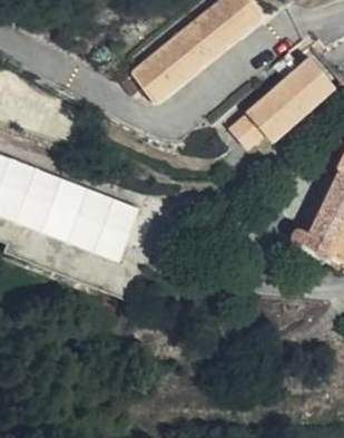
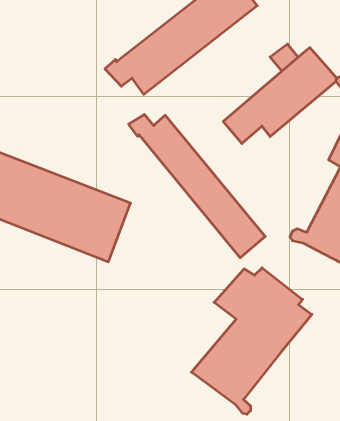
building: none -> [129,114,265,258]
building: none -> [191,268,312,414]

